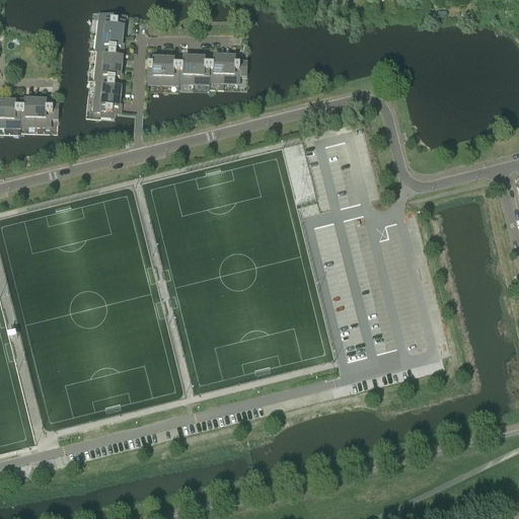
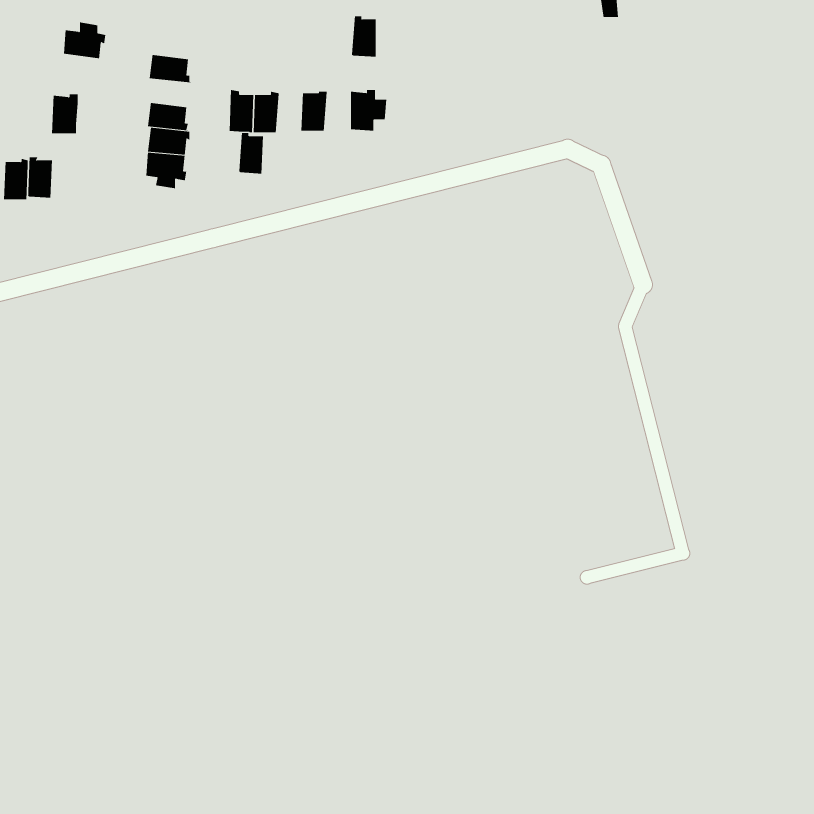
building: [96,14,124,38] -> [63,22,106,59]
building: [94,50,123,68] -> none
building: [206,56,222,83] -> [351,16,376,59]
building: [175,57,192,84] -> [238,133,264,176]
building: [32,100,50,126] -> [51,94,78,134]

